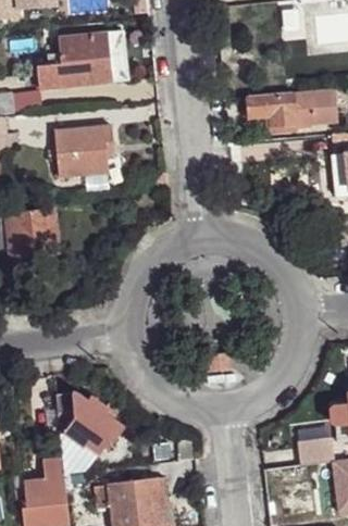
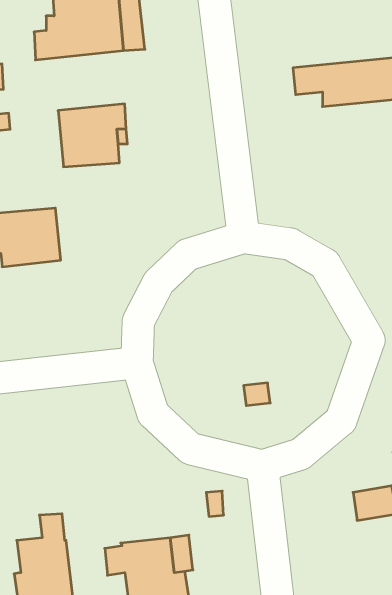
building: [55,392,123,453] -> none

